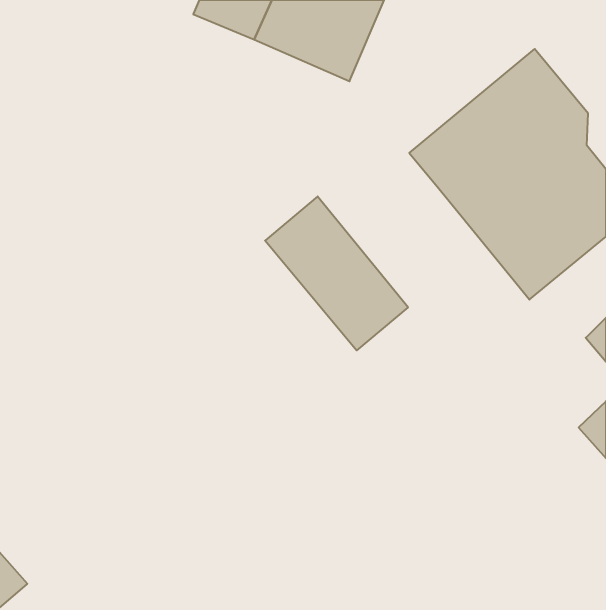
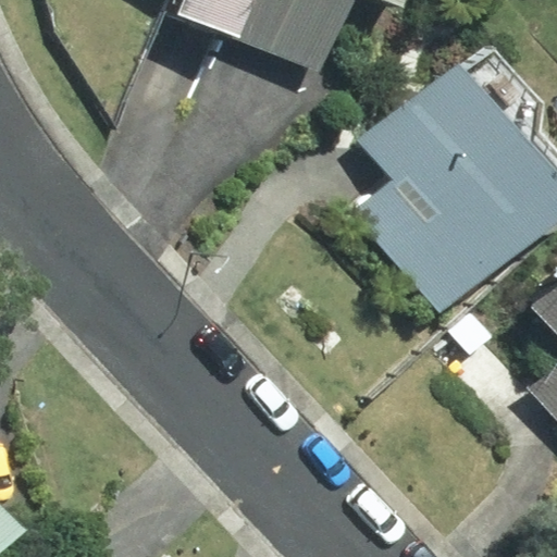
building: [265,196,408,350] -> [352,172,483,312]

